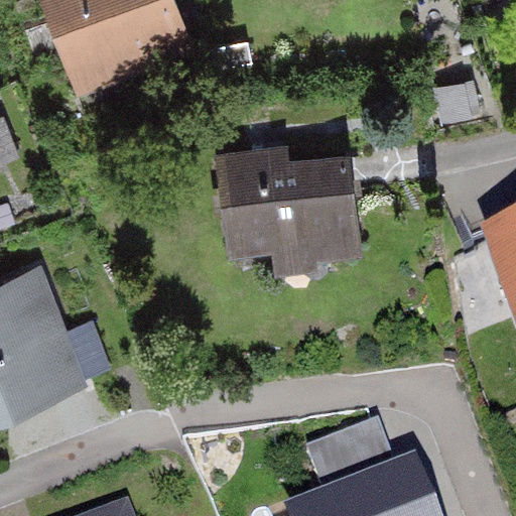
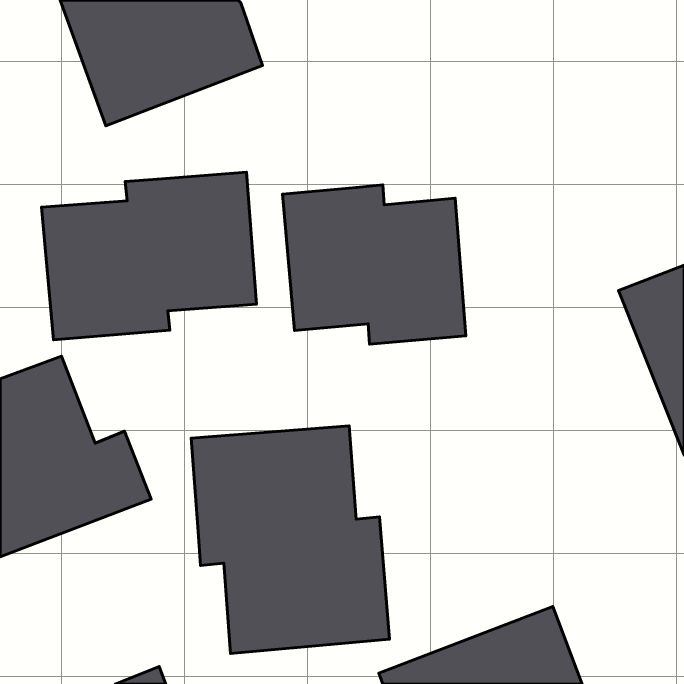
building: none -> [41,172,257,340]
building: none -> [191,426,390,653]

